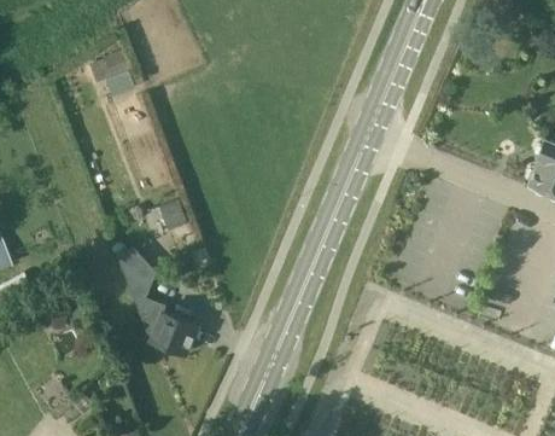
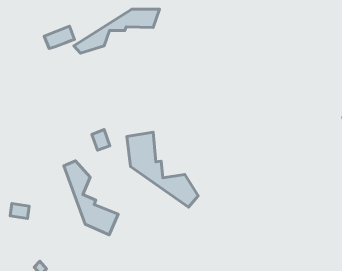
building: none -> [74,9,159,53]
building: none -> [127,132,198,207]

